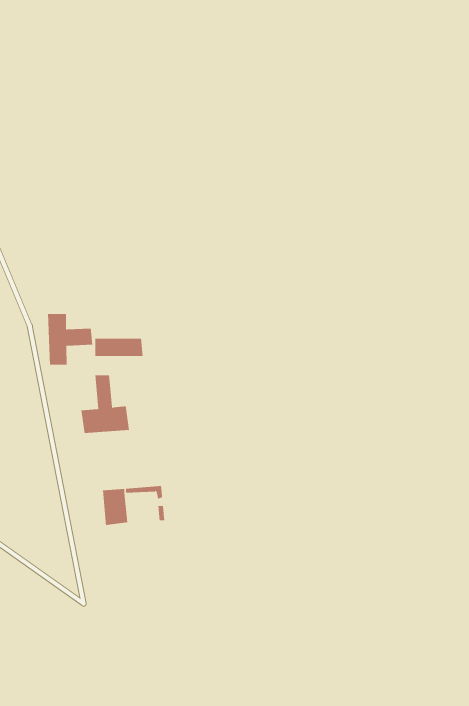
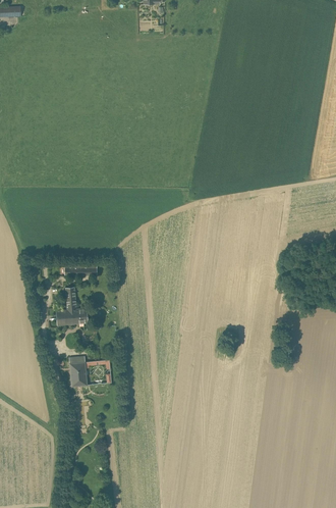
building: [48,313,93,366] -> none

